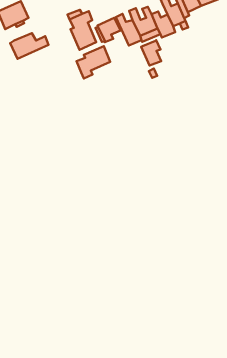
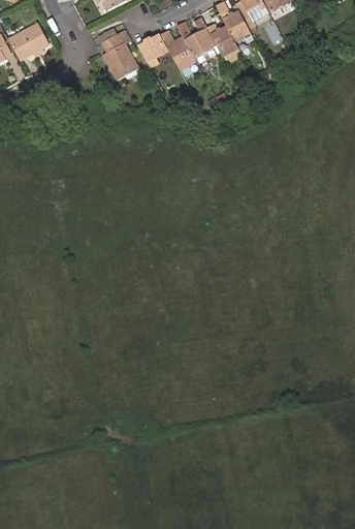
building: [10,33,48,59] -> none
building: [141,40,161,66] -> none
building: [76,46,110,79] -> none

